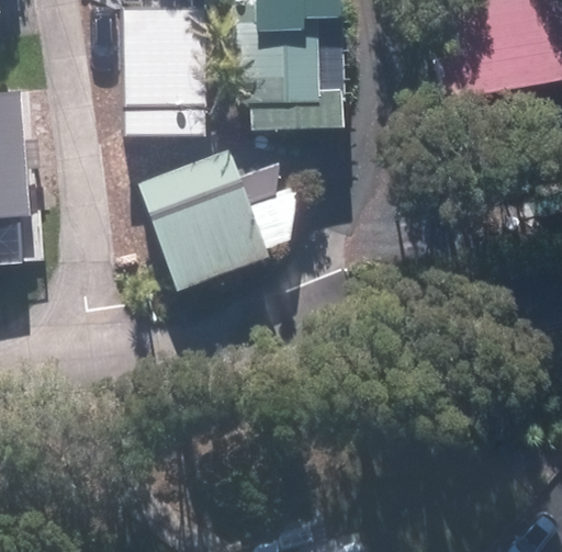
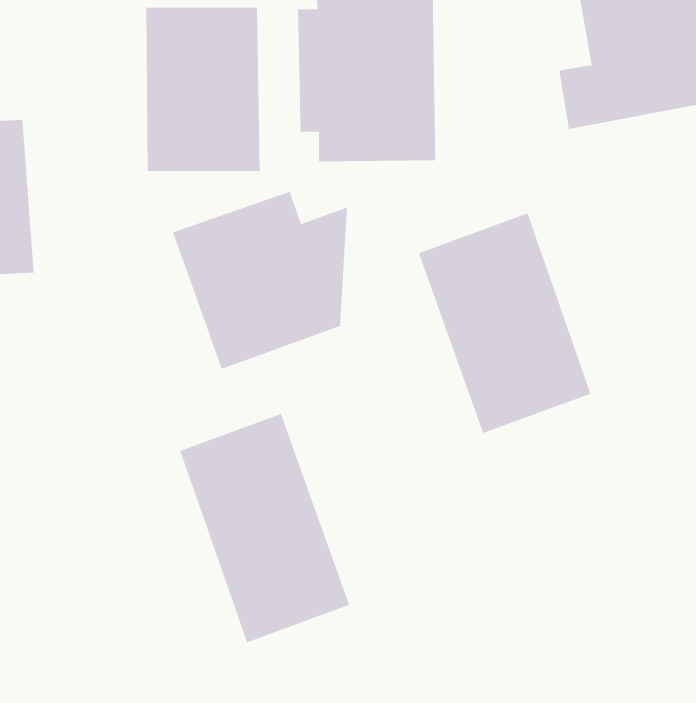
building: none -> [418,212,591,434]
building: none -> [180,413,350,643]

